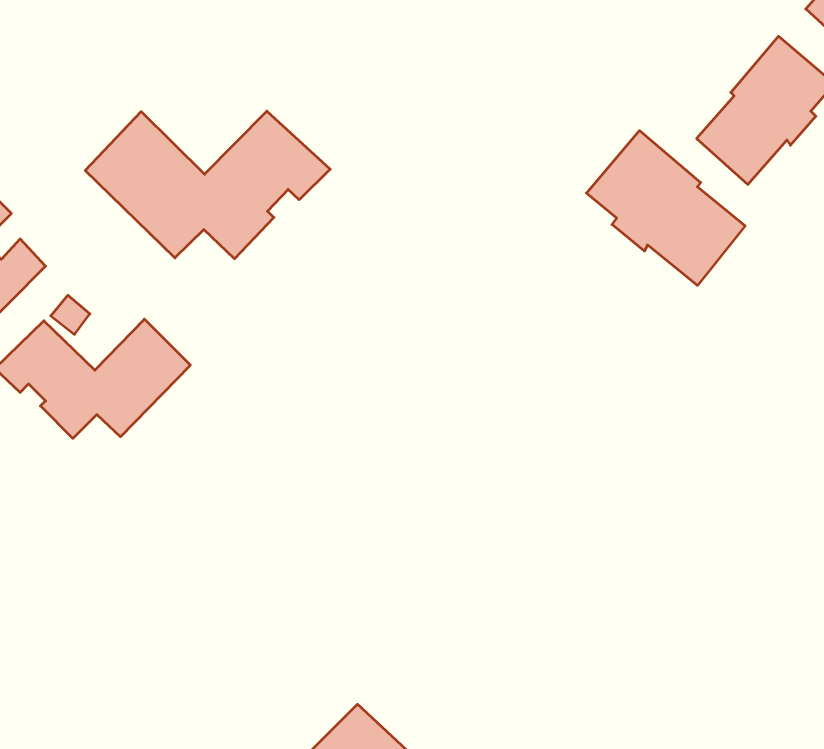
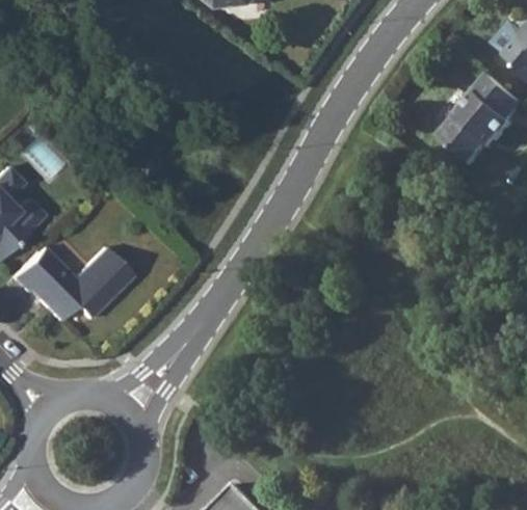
building: [85,111,330,259] -> none
building: [586,131,745,285] -> none

